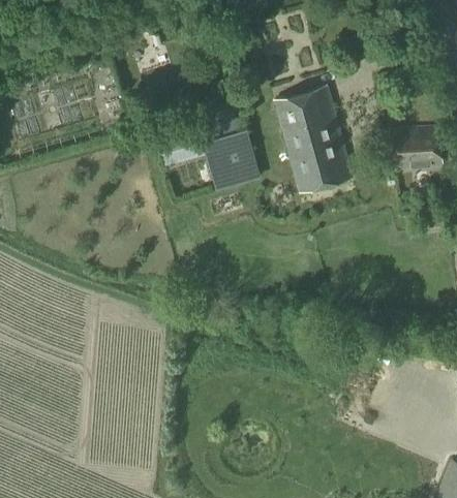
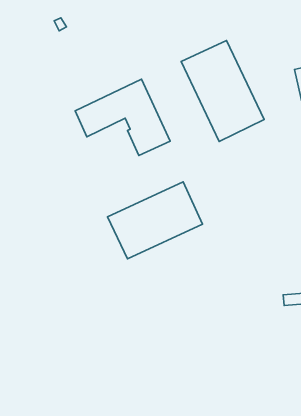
building: none -> [107,182,202,259]

